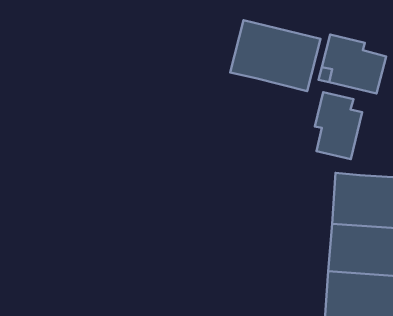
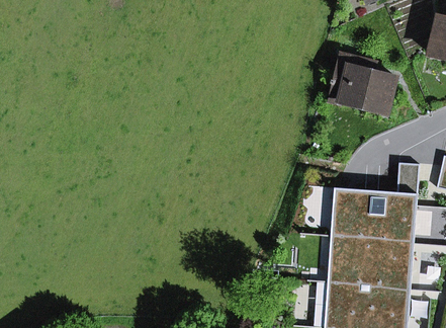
building: [230,20,320,91] -> none
building: [315,92,362,159] -> none

